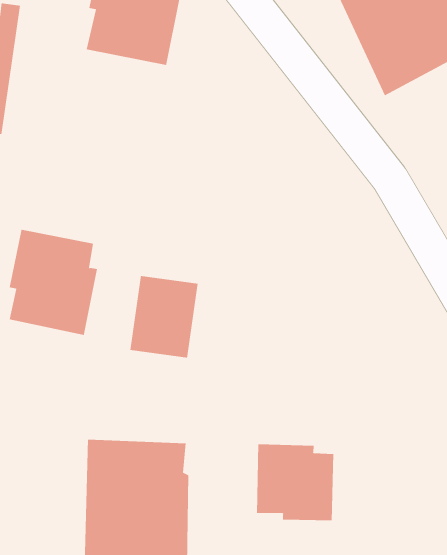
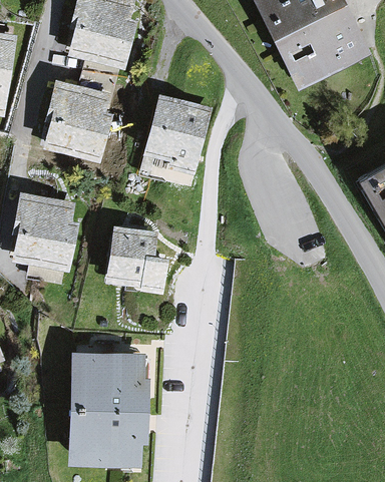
building: none -> [41,79,112,164]
building: none -> [137,90,211,183]
building: [257,444,334,521] -> none

